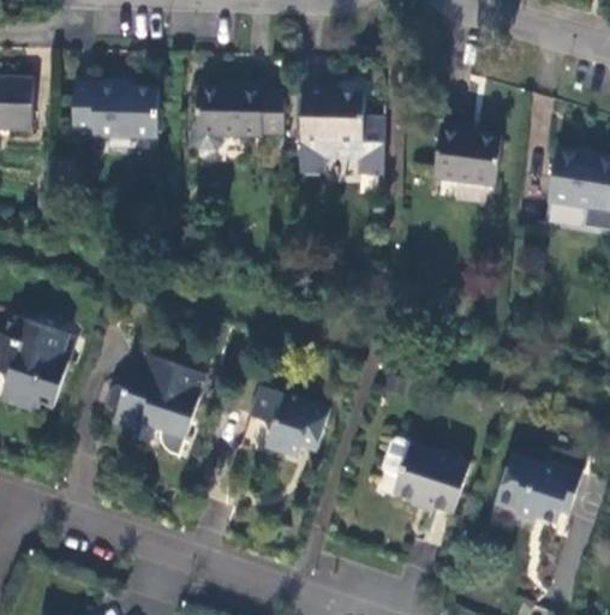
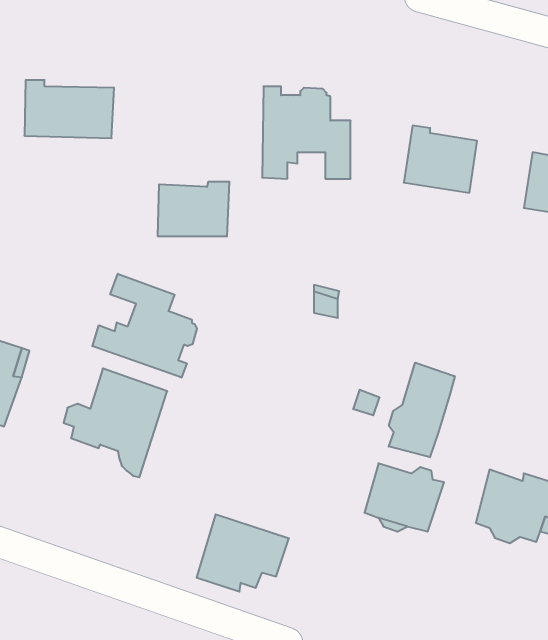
building: [195,84,263,136] -> [158,182,230,236]
building: none -> [92,274,197,378]
building: none -> [389,363,455,457]
building: [243,388,330,461] -> [197,514,289,592]

